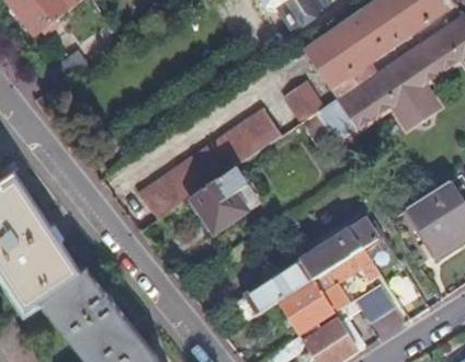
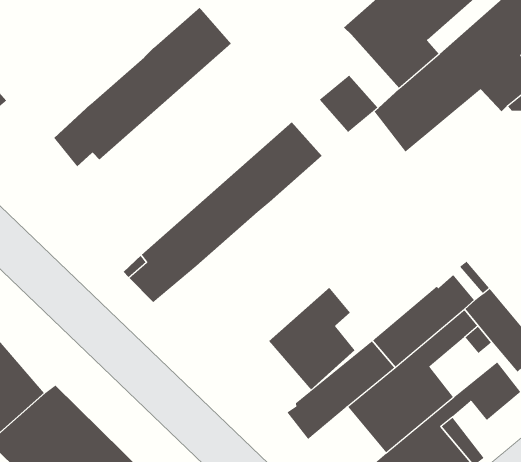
building: none -> [54,7,232,167]
building: [189,167,246,234] -> [268,287,356,390]

